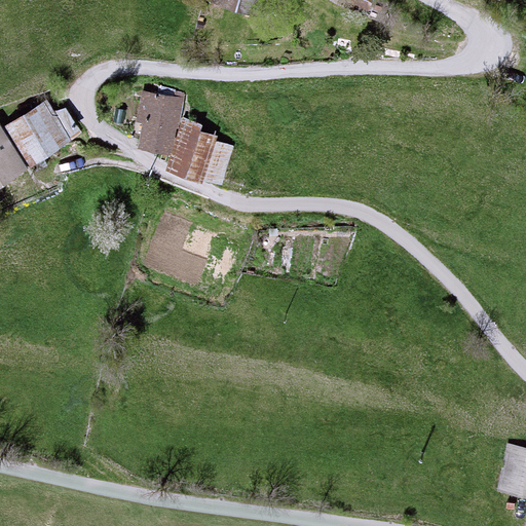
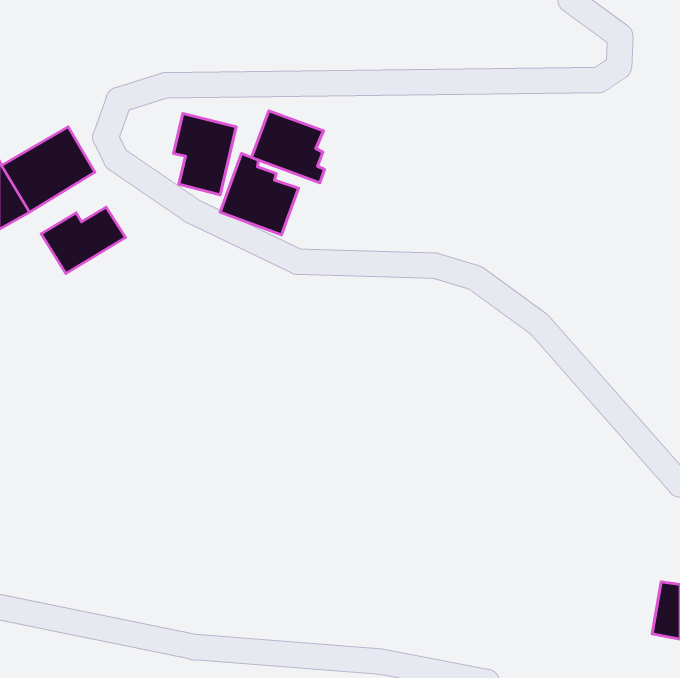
building: none -> [251,111,325,183]
building: none -> [41,207,125,273]

